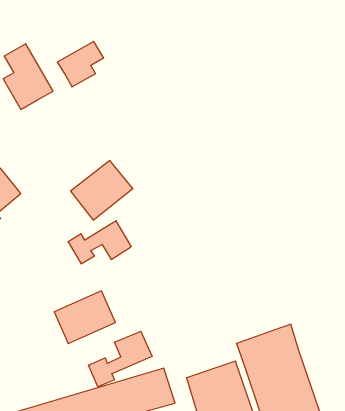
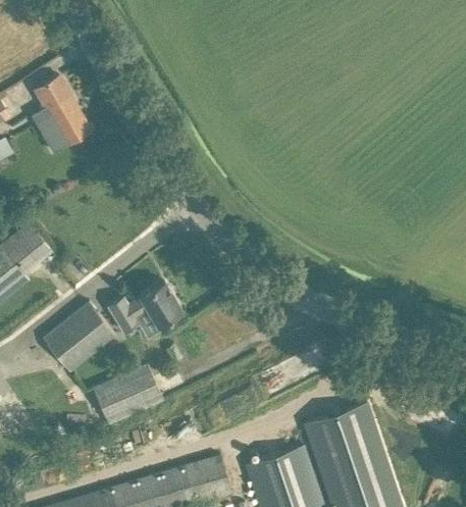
building: [58,41,103,87] -> none
building: [71,161,133,220] -> [44,303,116,372]
building: [89,331,152,387] -> none

